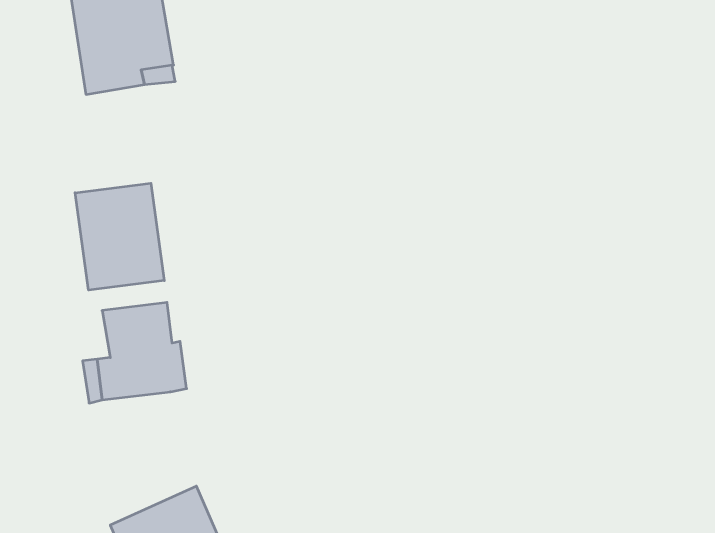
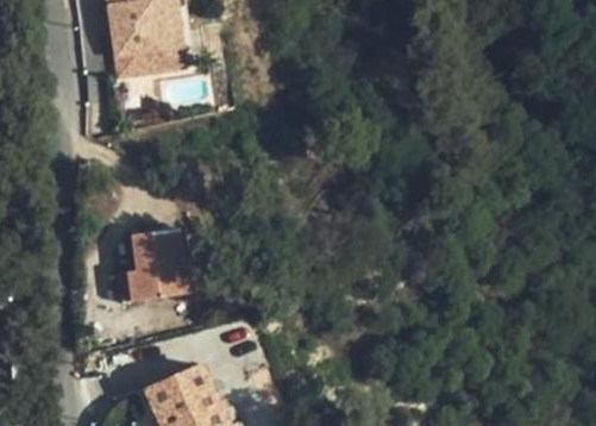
building: [75,183,164,290] -> none

